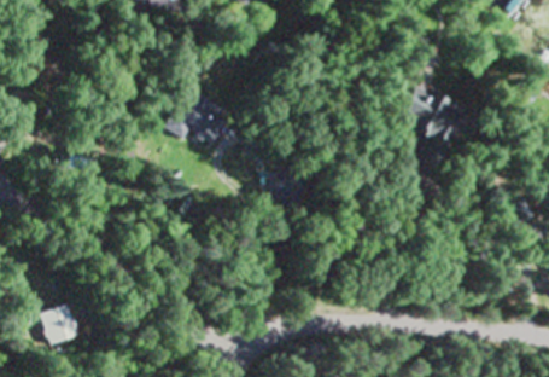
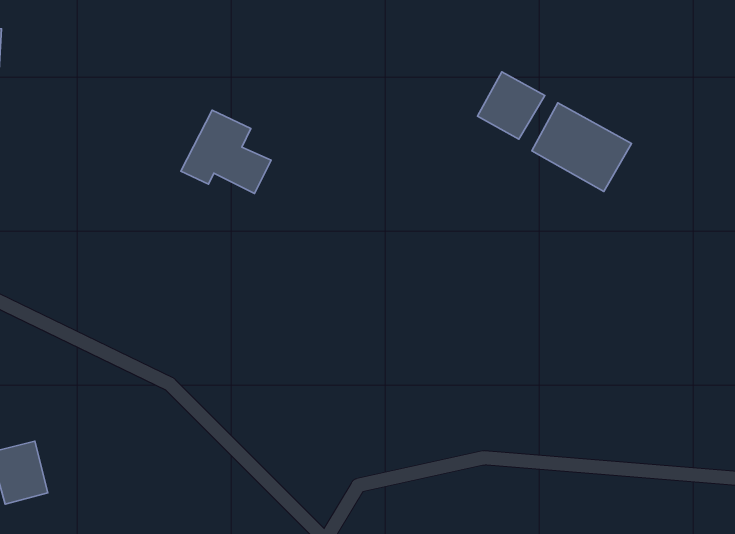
building: none -> [478,72,545,139]

